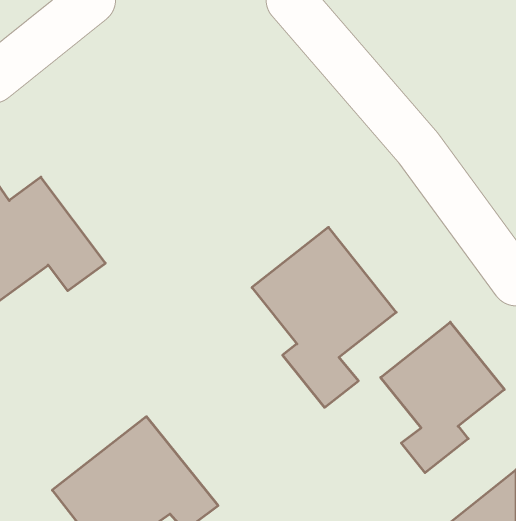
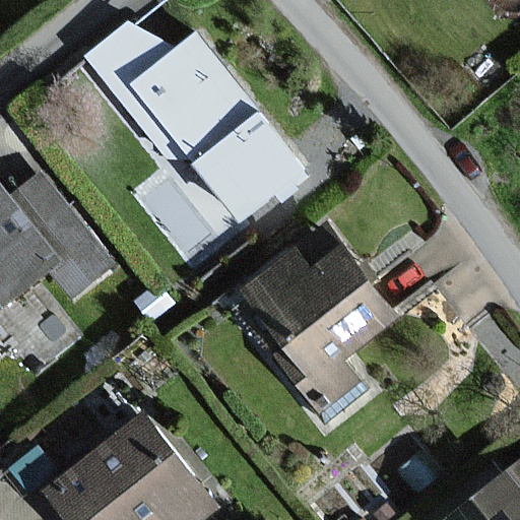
building: none -> [92,27,303,211]
building: [381,322,504,473] -> none

